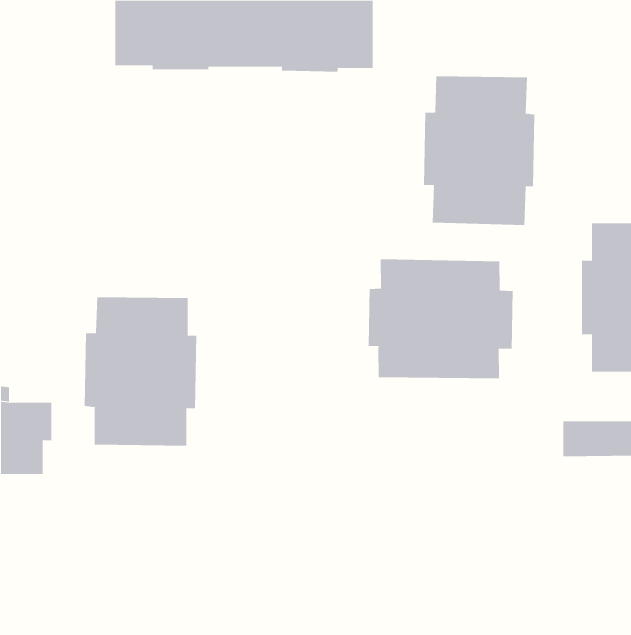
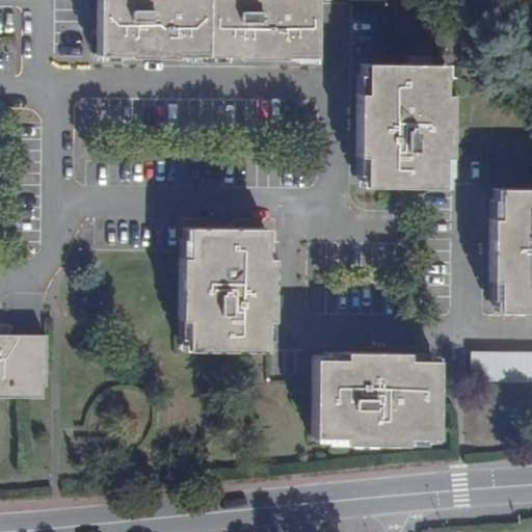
building: [368,259,513,379] -> none
building: [84,297,197,446] -> [180,227,274,351]
building: none -> [316,351,438,445]

